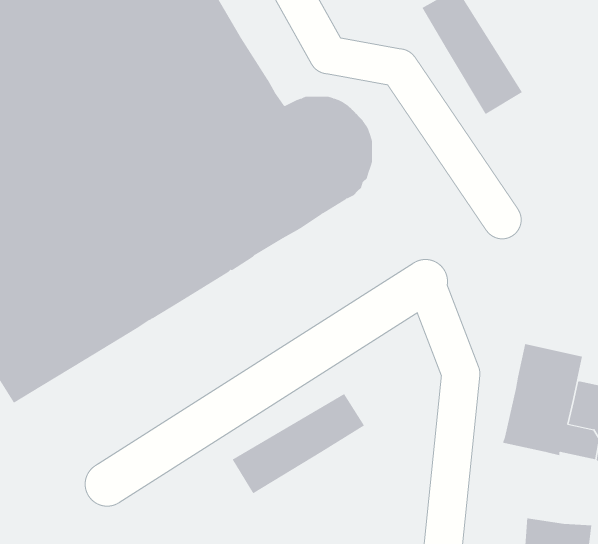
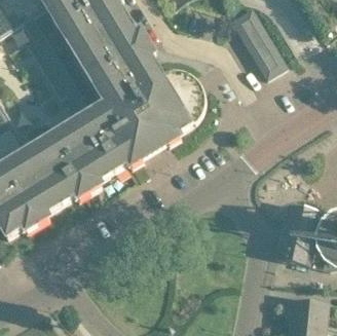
building: [232,393,365,494] -> none

